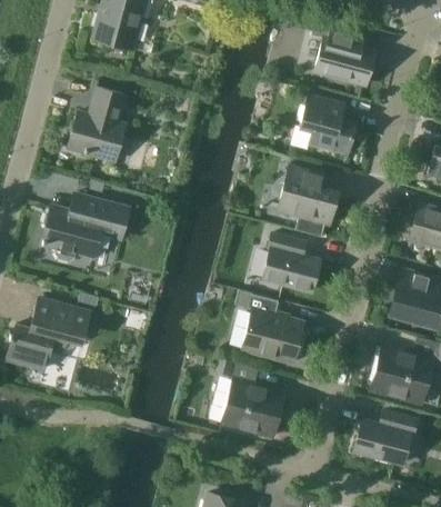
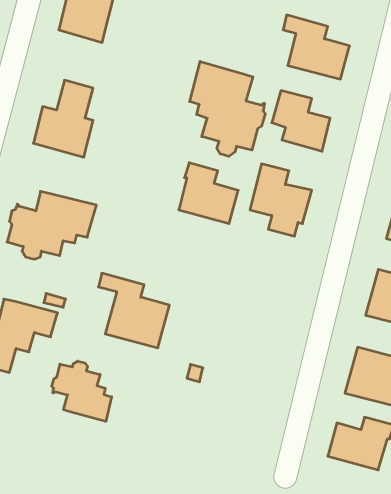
building: none -> [190,61,265,156]
building: [262,233,320,292] -> [179,163,238,224]
building: [234,291,303,364] -> [98,273,169,348]
building: none -> [52,361,112,421]
building: [221,379,284,437] -> none

